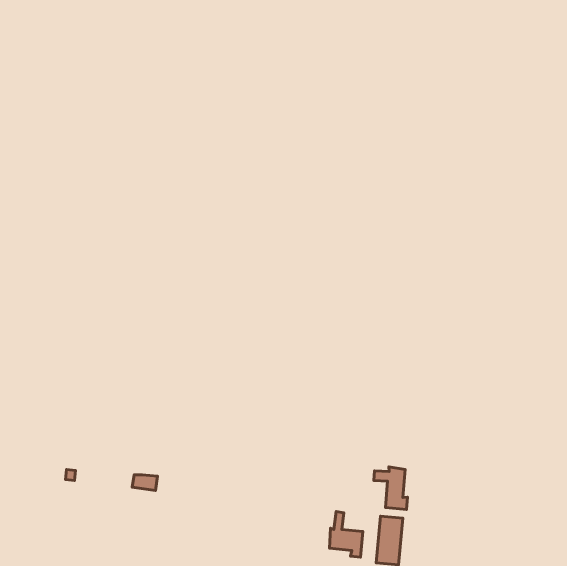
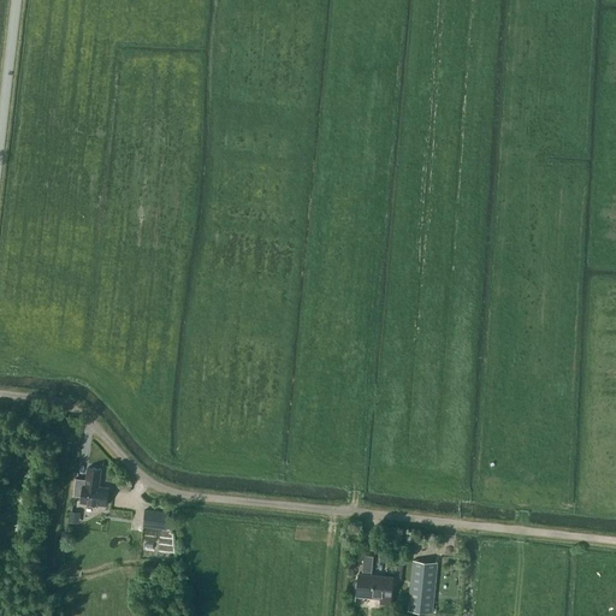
building: none -> [82,468,109,508]
building: [374,467,407,510] -> none

